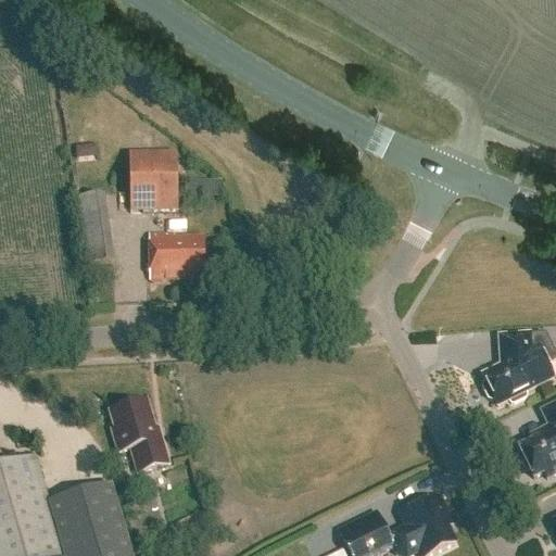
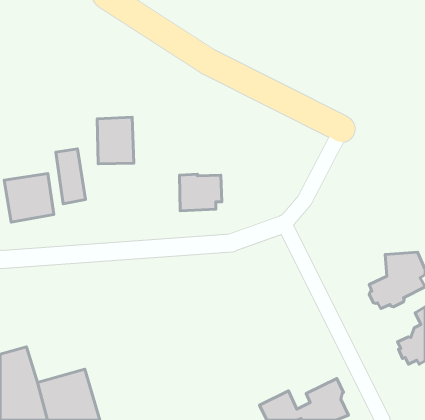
building: none -> [4,174,54,222]
building: [149,230,204,278] -> [179,174,222,211]
building: [109,396,169,471] -> none

